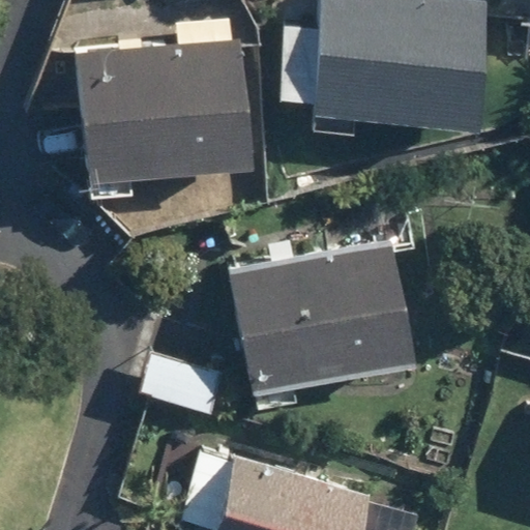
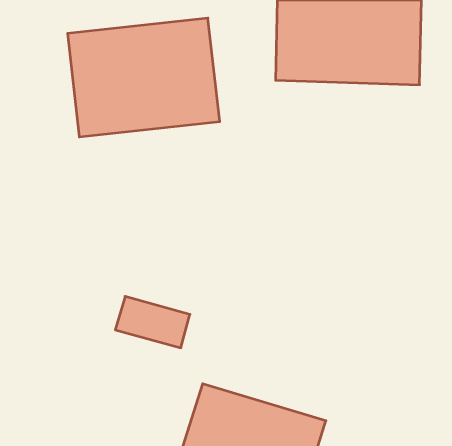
building: [229,240,413,389] -> none

